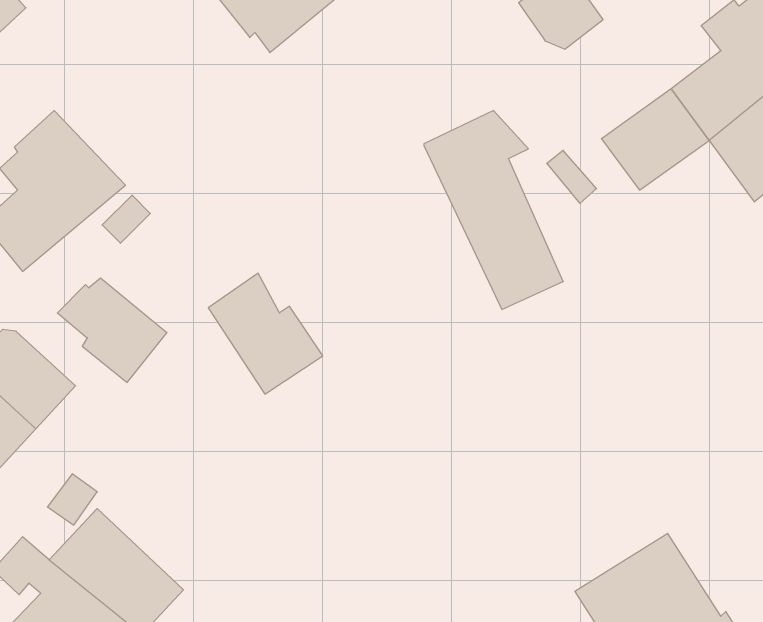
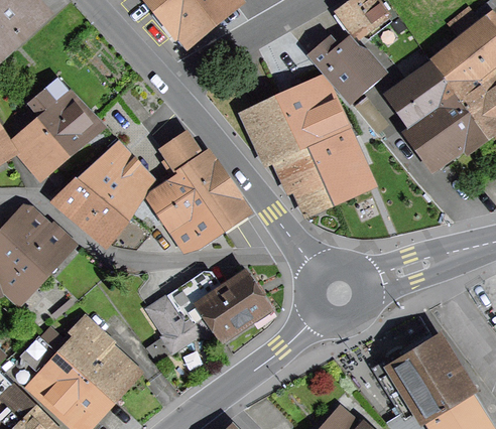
building: none -> [312,41,379,99]
building: none -> [408,96,483,167]
building: none -> [245,99,330,207]
building: none -> [165,138,244,227]
building: none -> [86,146,153,212]
building: none -> [150,274,268,351]

